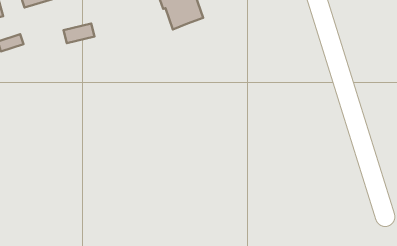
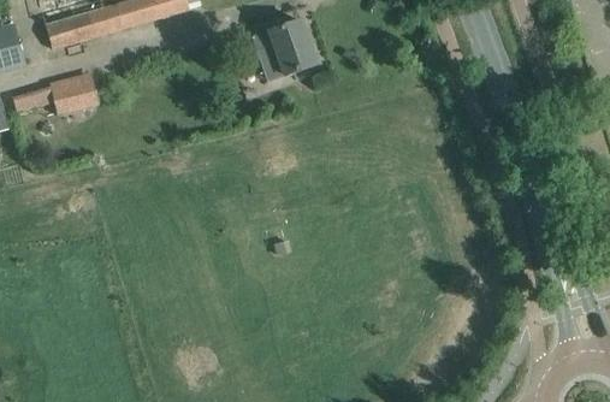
building: [63,24,95,43] -> [52,73,97,102]

